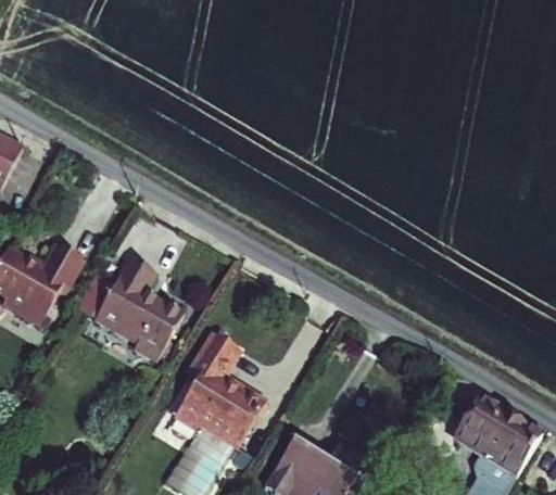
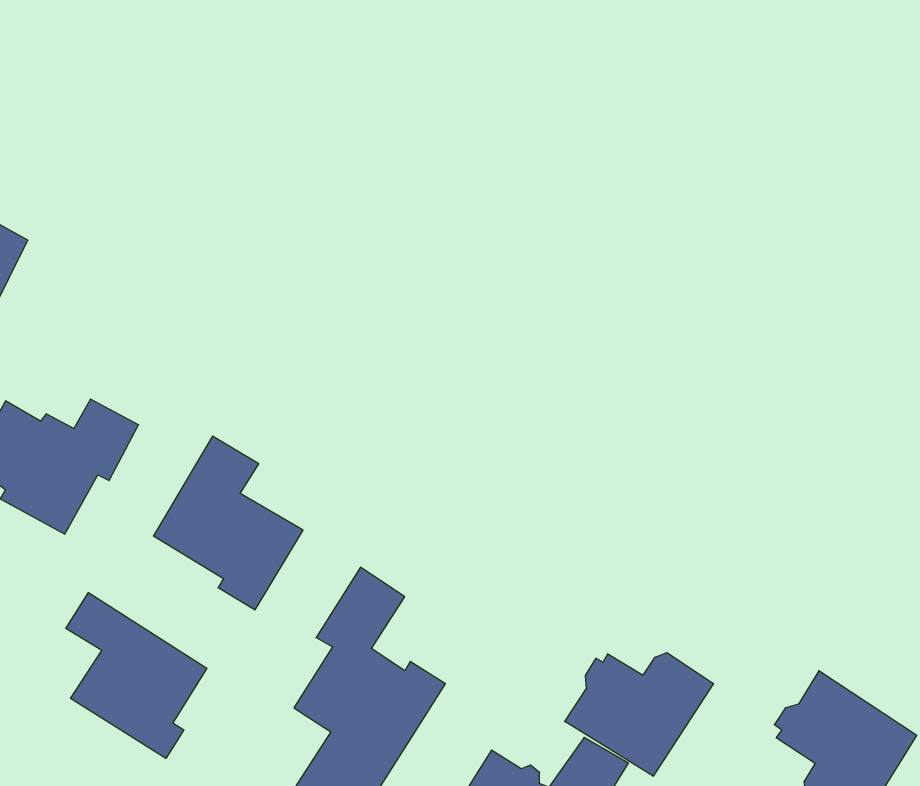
building: none -> [66,593,207,758]
building: none -> [565,653,714,776]

